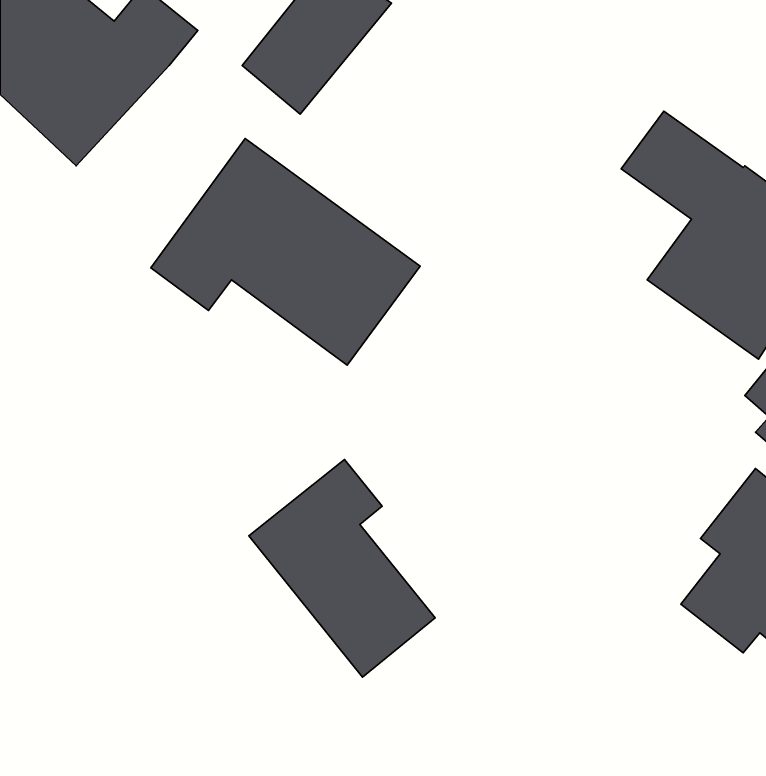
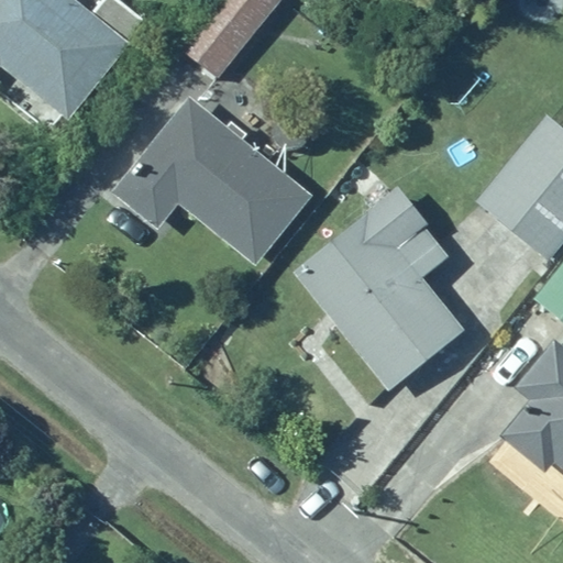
building: none -> [289,183,466,390]
building: [249,459,435,677] -> none

